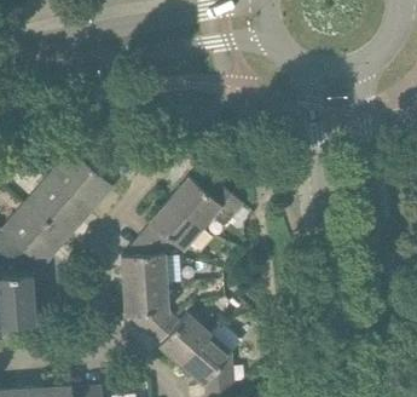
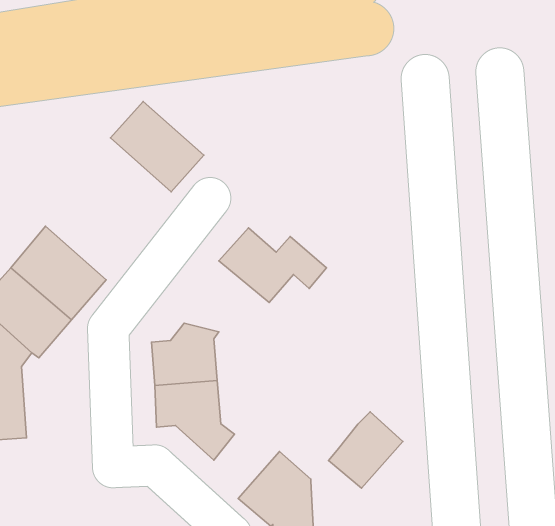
building: [48,149,114,212] -> [110,102,204,192]
building: [145,199,204,251] -> none
building: [160,311,212,364] -> [328,412,403,488]

